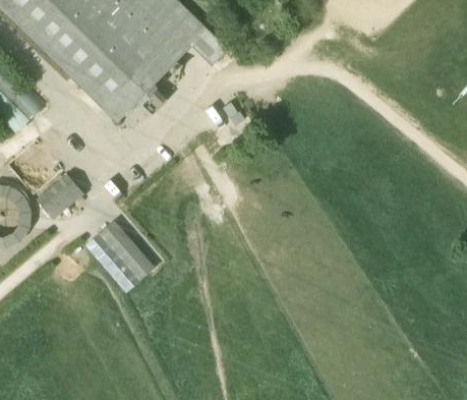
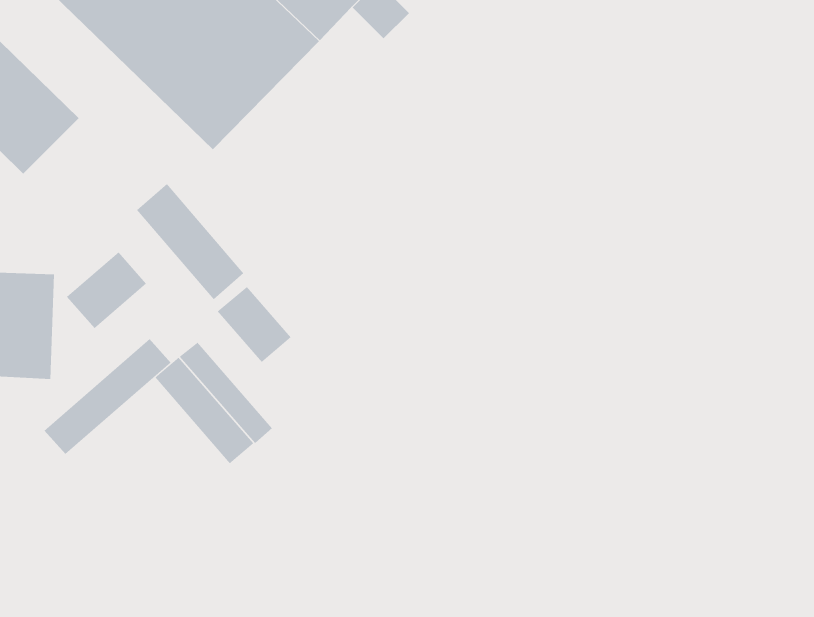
building: none -> [136,183,244,300]
building: none -> [217,286,292,363]
building: none -> [44,338,172,455]

